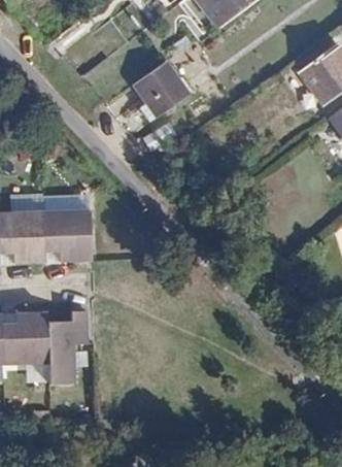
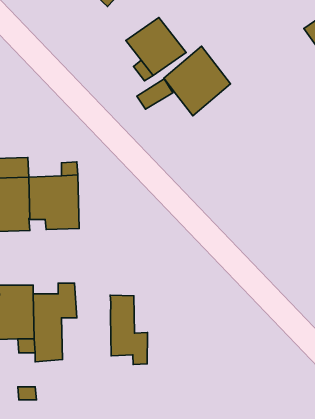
building: none -> [164,46,231,116]
building: none -> [110,295,148,364]

